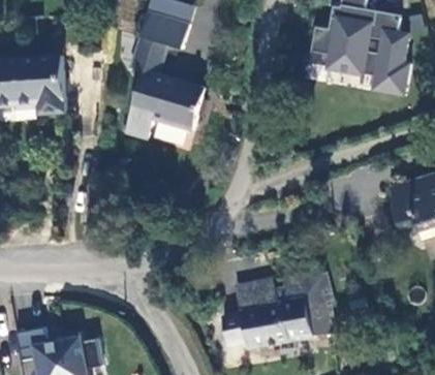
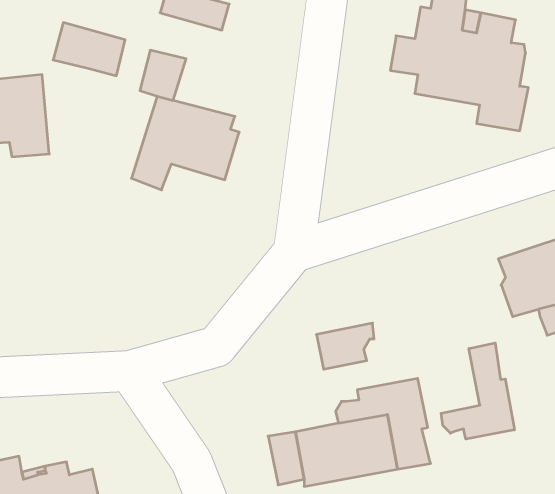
building: [138,11,190,50] -> [53,23,125,76]
building: none -> [441,343,514,439]
building: [238,279,279,312] -> [316,323,374,369]

